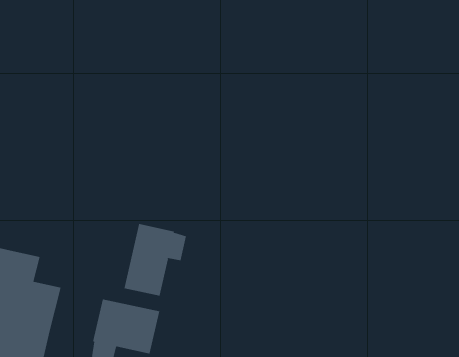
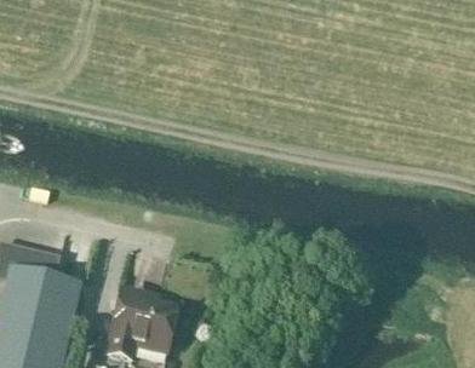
building: [124,223,186,296] -> none

